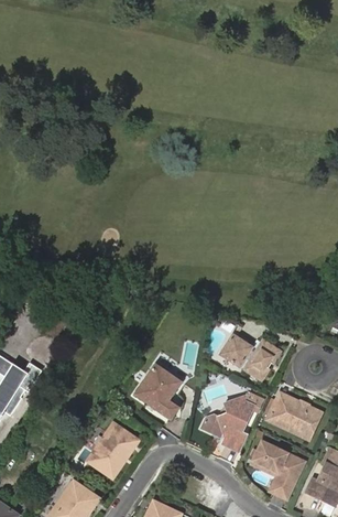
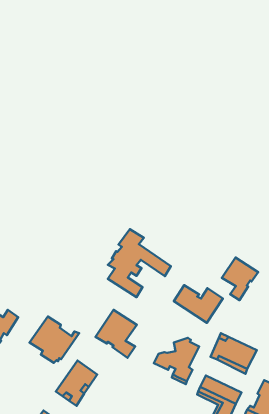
building: none -> [108,229,171,297]
building: none -> [222,257,258,300]
building: none -> [30,316,79,363]

